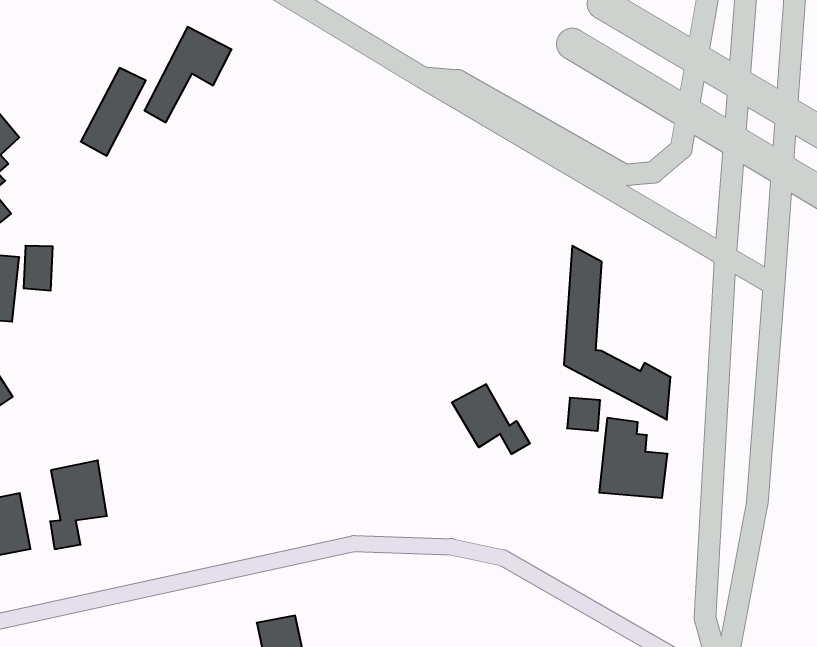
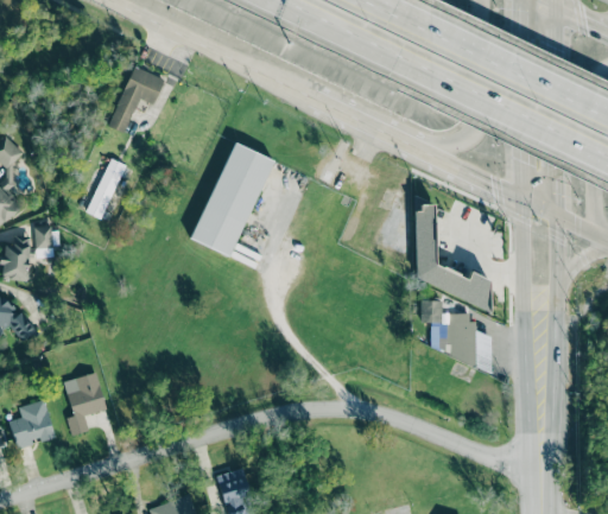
building: [81,68,146,156] -> [87,158,128,220]
building: none -> [191,142,272,256]
building: [452,384,530,454] -> none

